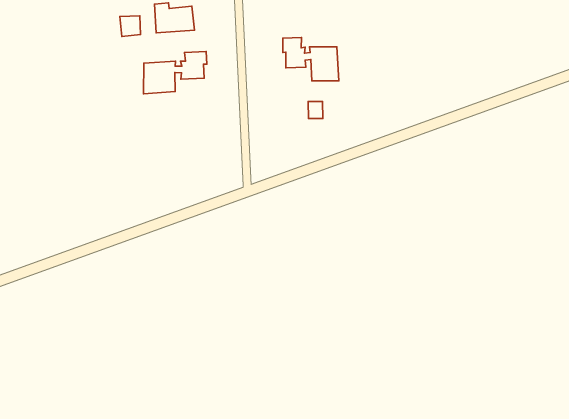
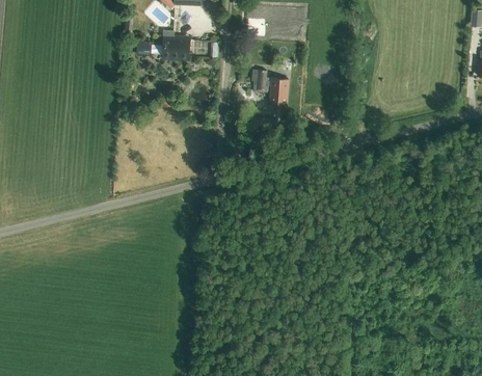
building: [143,51,207,94] -> none

